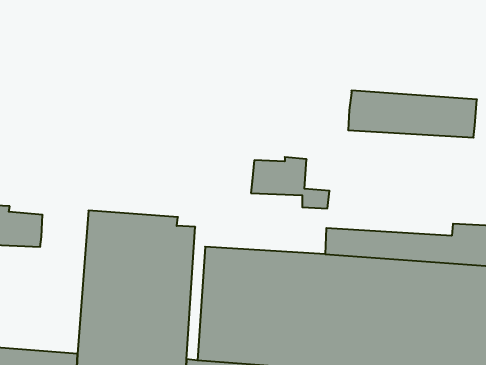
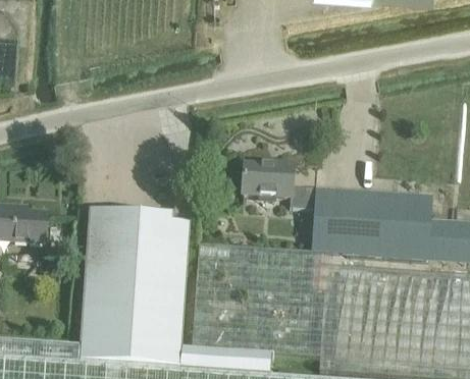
building: [348,91,477,138] -> [312,192,432,235]

